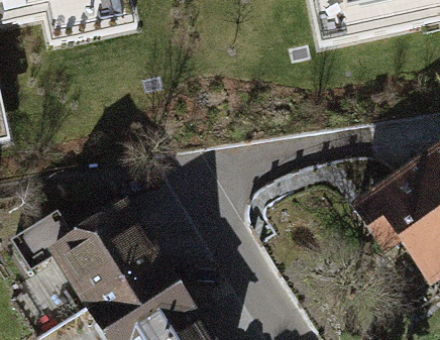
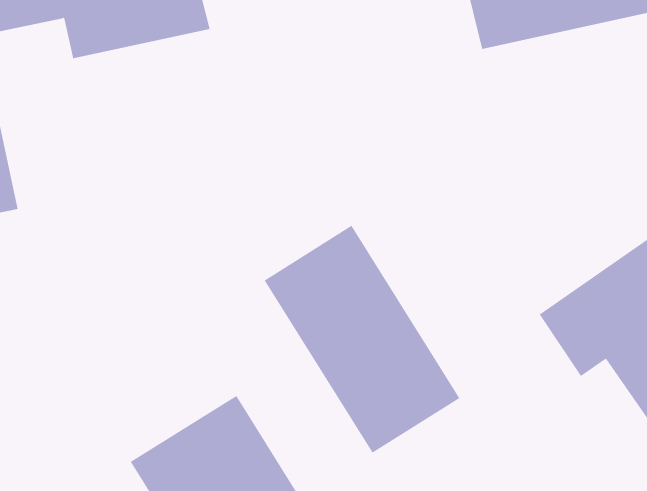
building: none -> [264,225,460,453]
building: [11,204,156,301] -> none

